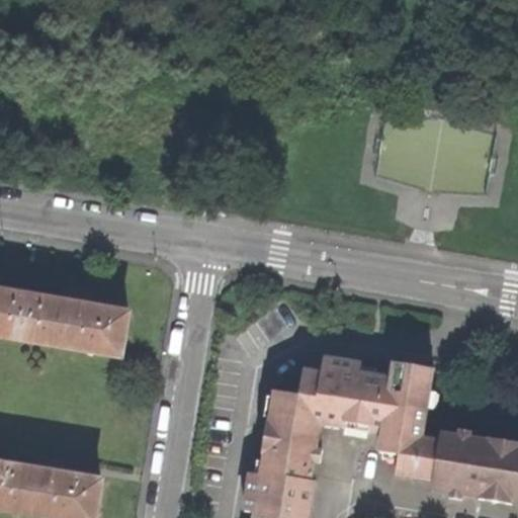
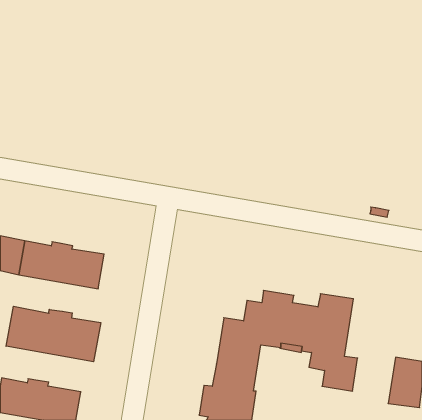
building: none -> [6,306,101,362]
building: [431,431,485,495] -> none

